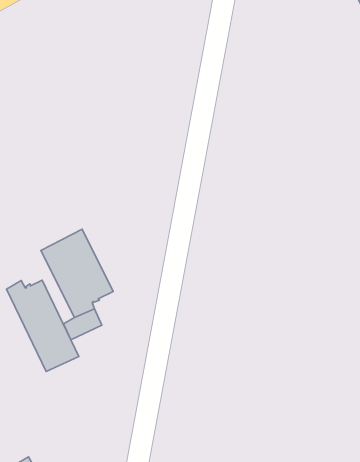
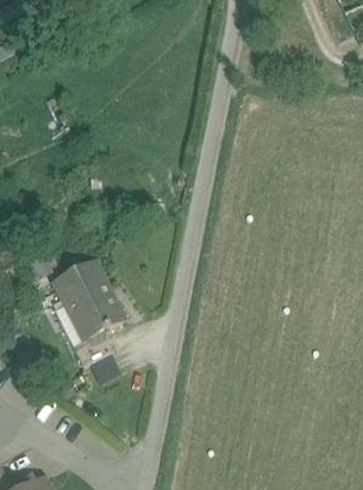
building: [6,280,79,371] -> none

